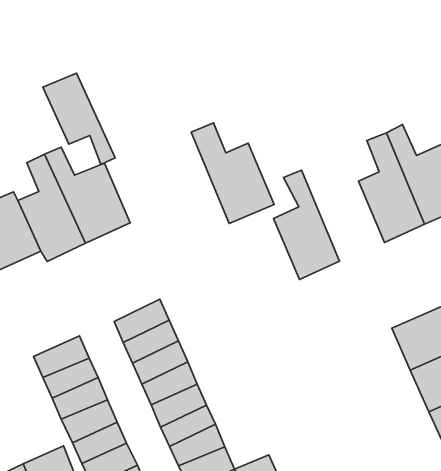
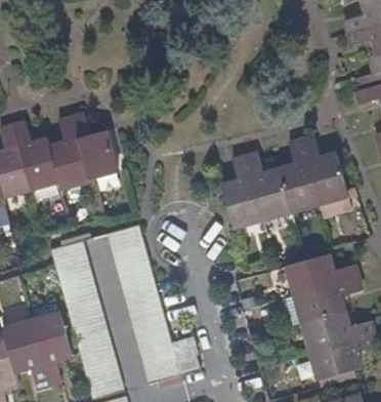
building: [43,73,115,165] -> none
building: [191,123,274,223] -> [241,151,288,217]

